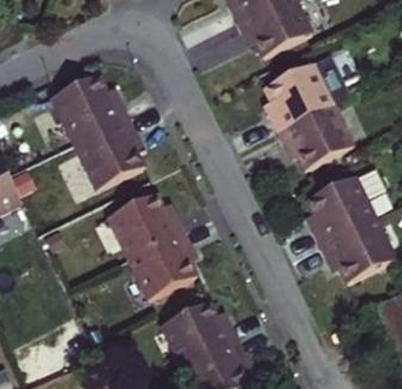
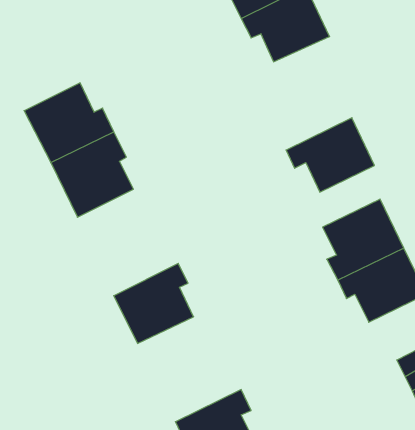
building: [265,58,350,133] -> none
building: [108,193,184,258] -> none
building: [161,301,238,366] -> none

